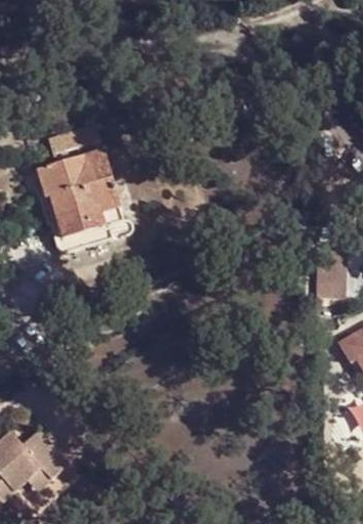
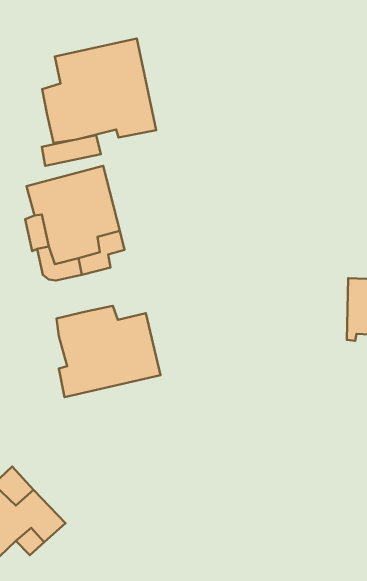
building: none -> [42,39,156,143]
building: none -> [56,306,161,397]

